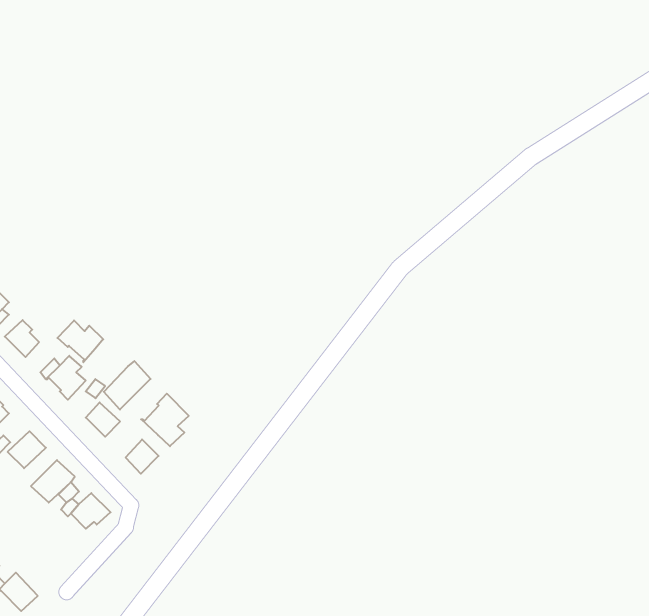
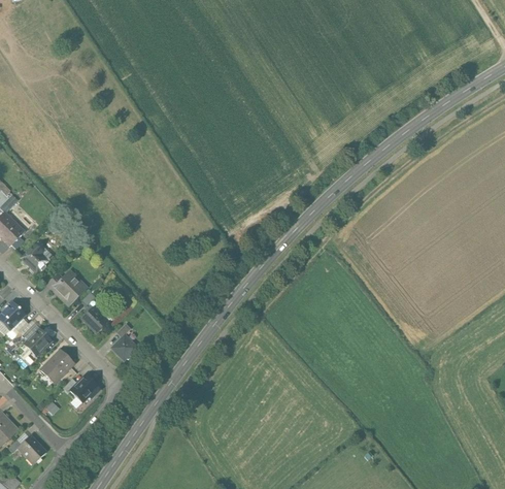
building: [57,320,103,362] -> none
building: [104,361,151,410] -> none
building: [141,394,189,446] -> none

